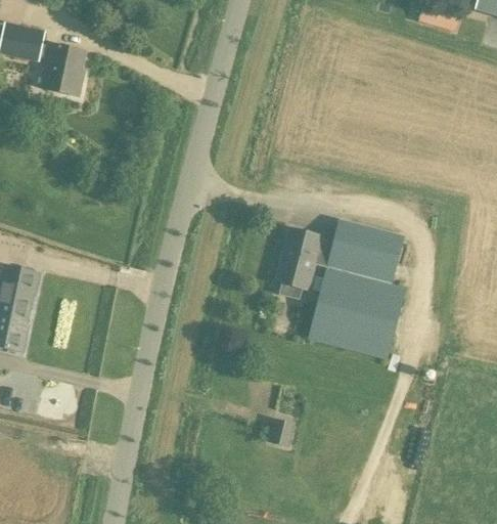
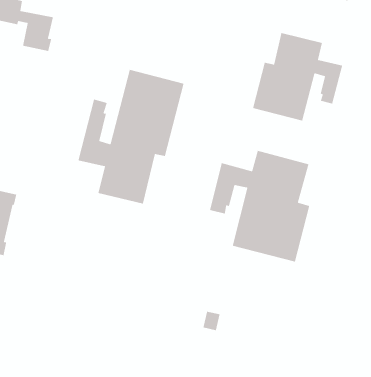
building: none -> [252,32,343,122]
building: none -> [77,69,185,205]

